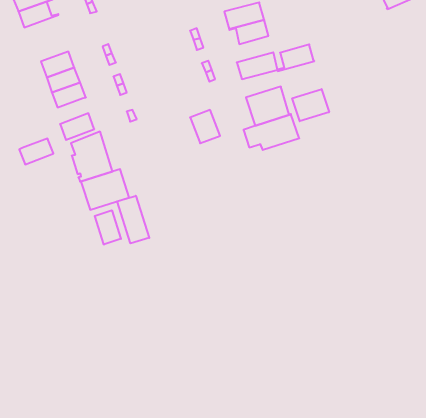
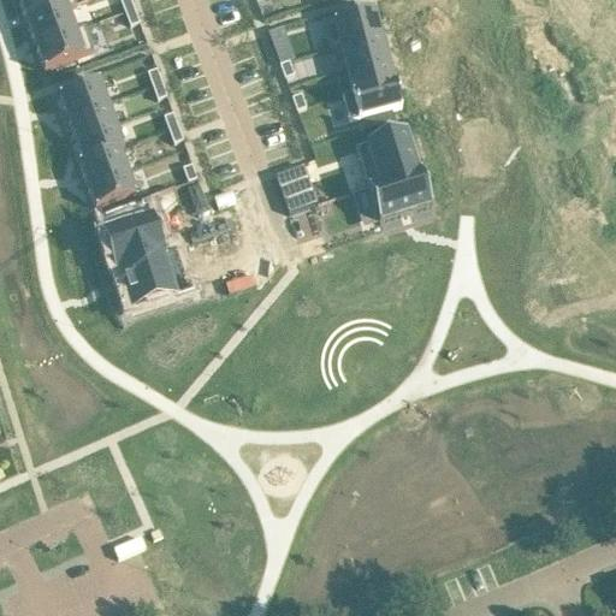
building: none -> [35,22,94,64]
building: [278,44,314,71] -> [342,52,395,90]
building: [292,89,329,121] -> none
building: [19,139,53,164] -> [78,142,128,179]
building: [117,196,149,243] -> none
building: [95,210,121,245] -> none

